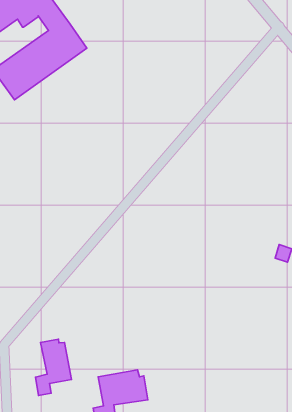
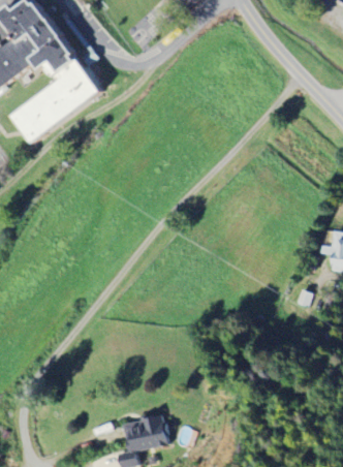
building: [36,339,71,396] -> none

